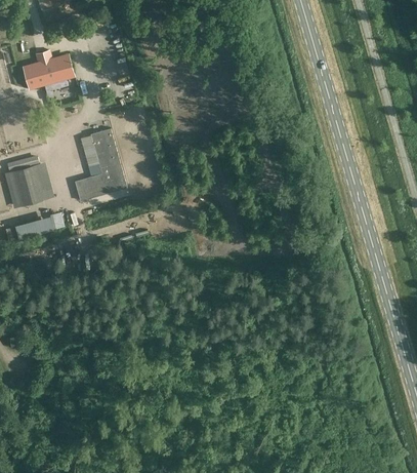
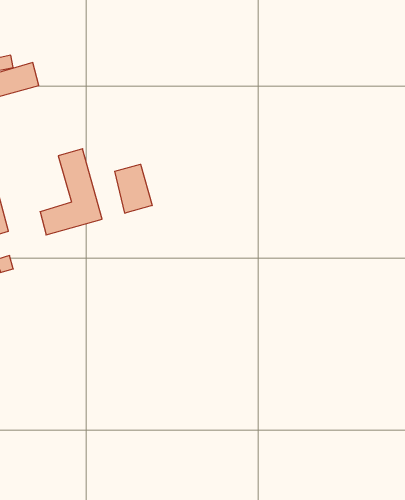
building: none -> [115,164,152,213]

